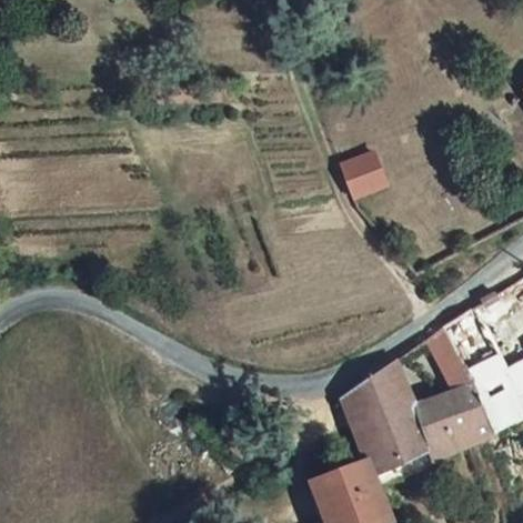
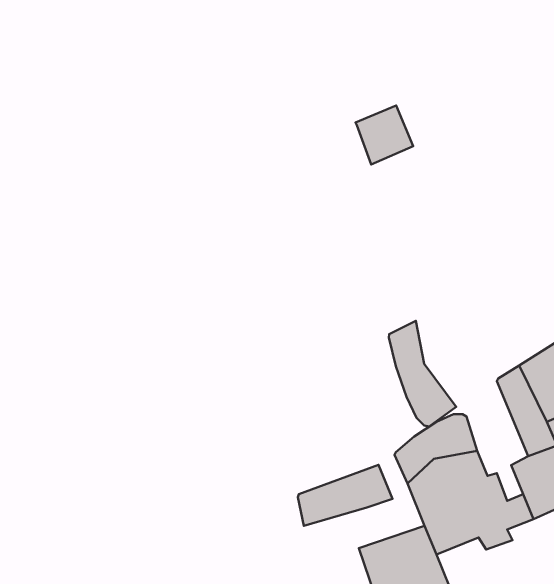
building: [344,151,393,201] -> [355,105,413,165]
building: none -> [389,321,456,427]
building: none -> [298,465,392,526]

